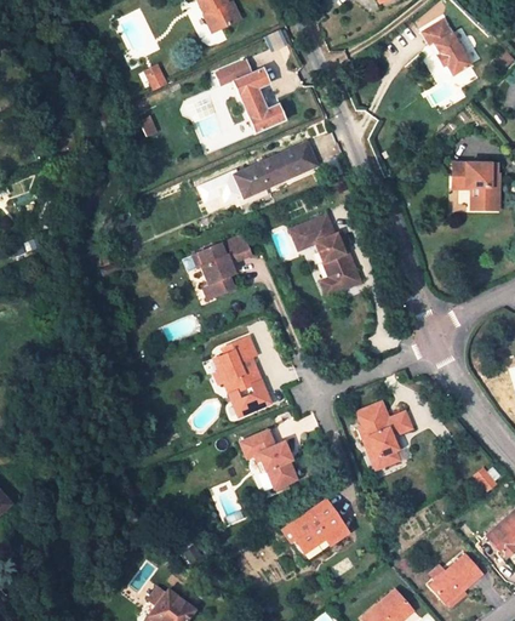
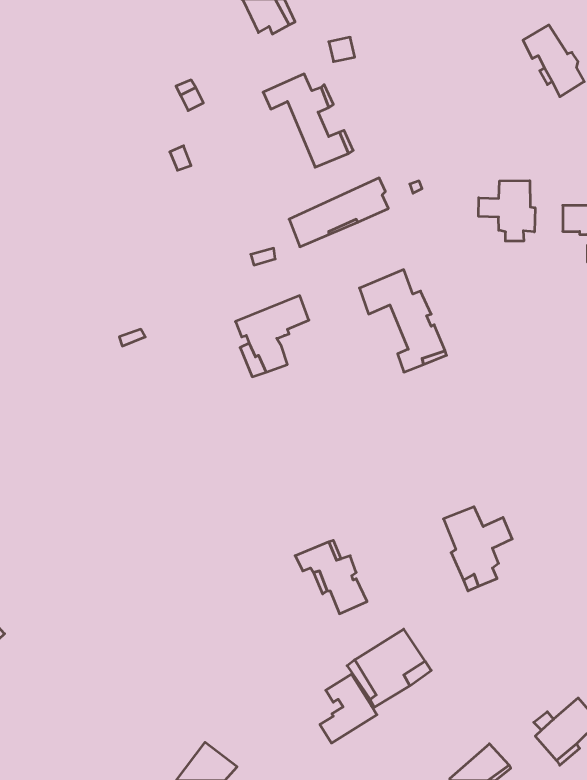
building: none -> [479,181,535,241]
building: [214,338,277,417] -> none
building: none -> [320,674,377,743]

